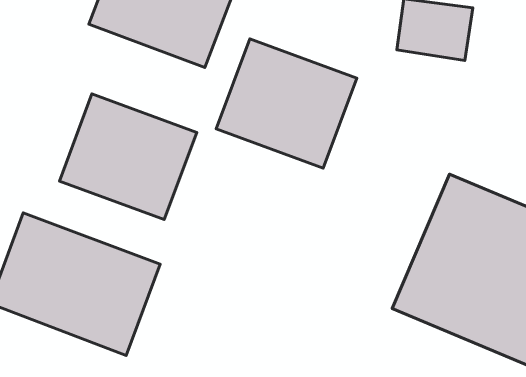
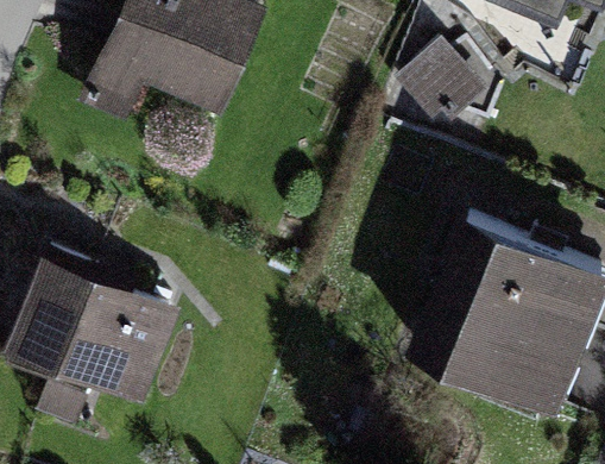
building: [216,39,357,168] -> none
building: [59,94,197,220] -> none

